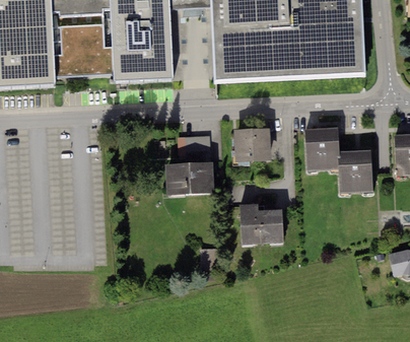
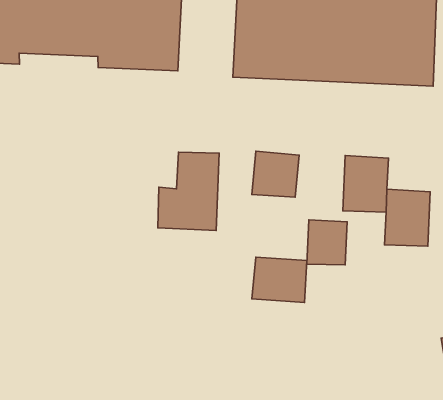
building: none -> [307,220,347,265]

